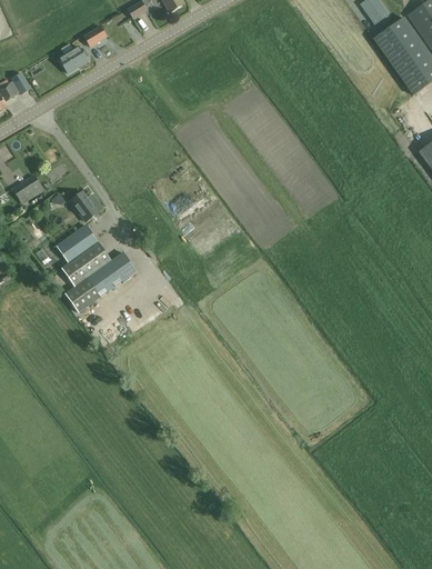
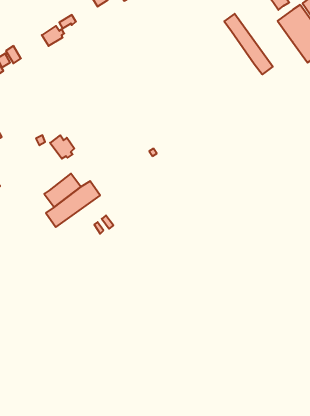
building: none -> [224,14,273,74]
building: [12,174,44,203] -> none
building: [56,223,98,263] -> none

